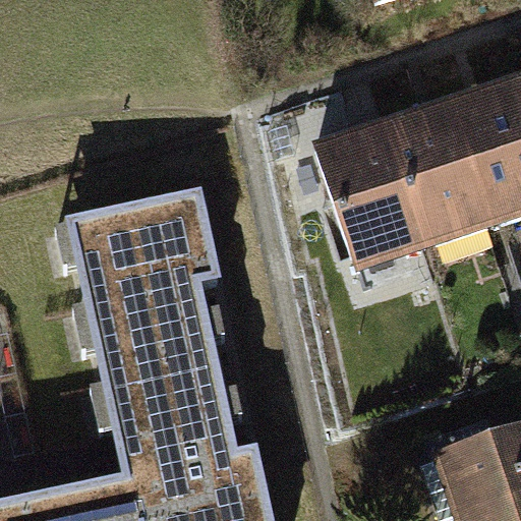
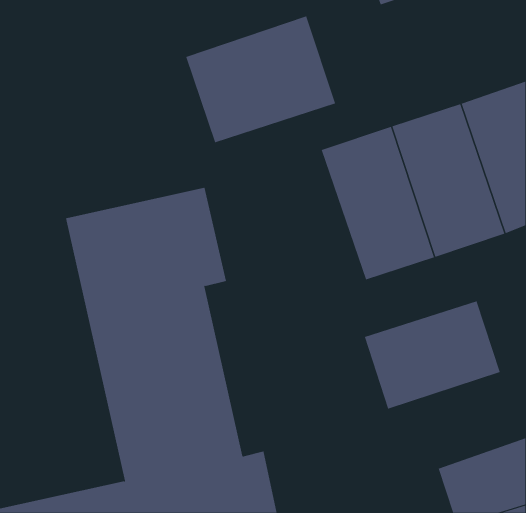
building: none -> [186,15,336,143]
building: none -> [364,301,501,410]

